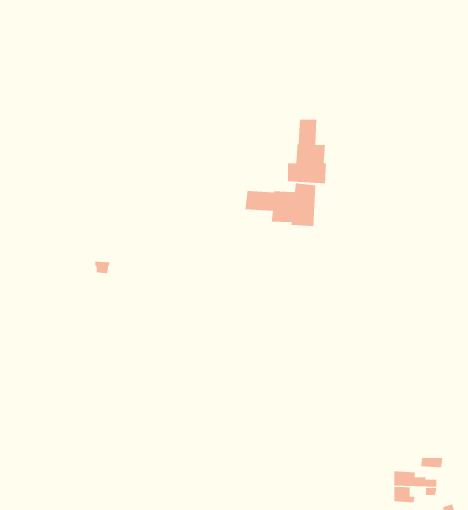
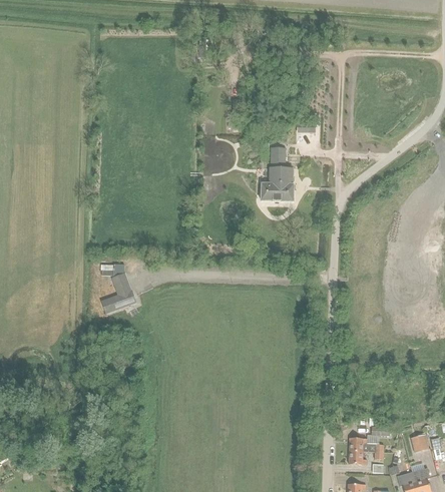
building: [245,182,316,227] -> none
building: none -> [100,273,135,314]

